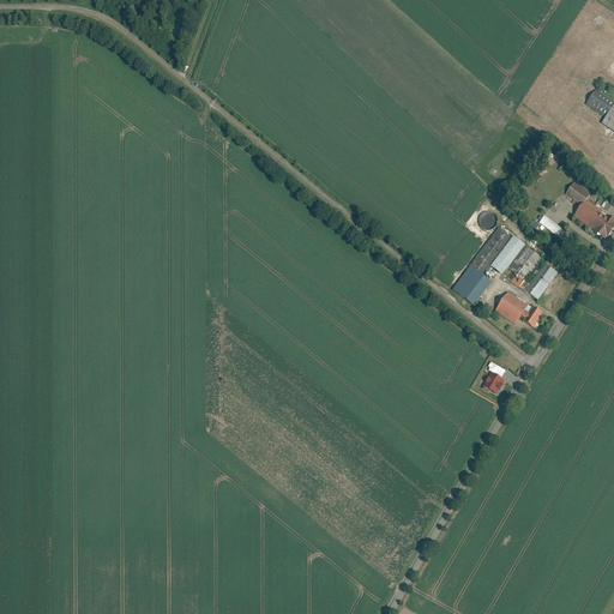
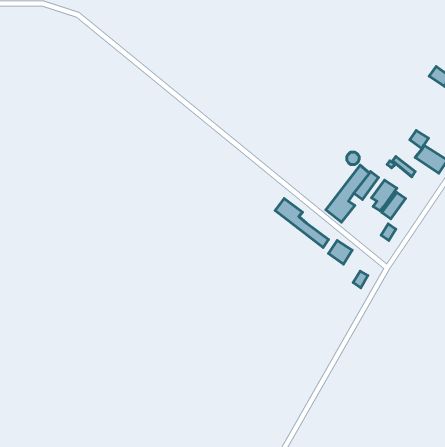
building: none -> [275,198,329,247]
building: [498,293,530,325] -> [328,240,352,264]

